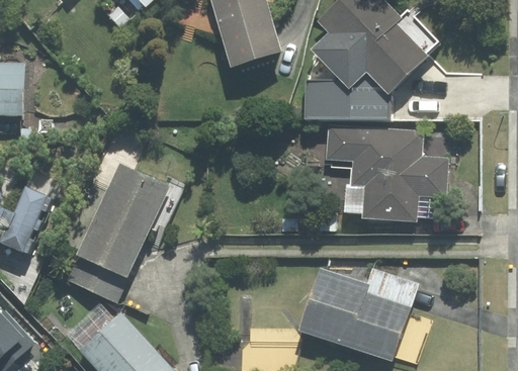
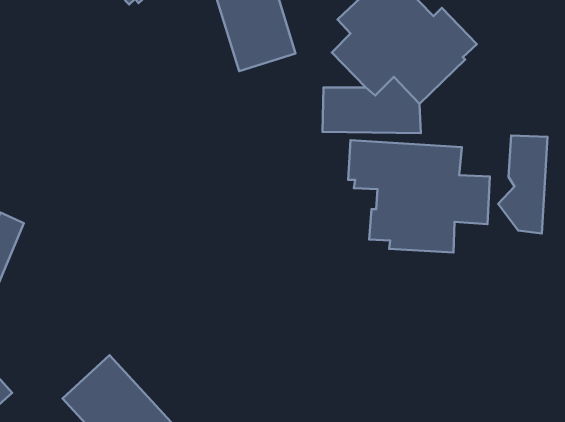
building: none -> [498,135,547,233]
building: [66,162,182,300] -> none
building: [299,269,432,365] -> none

